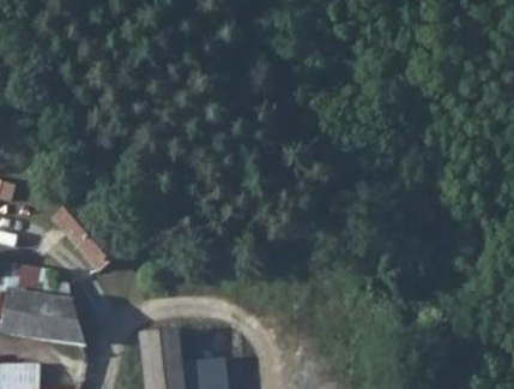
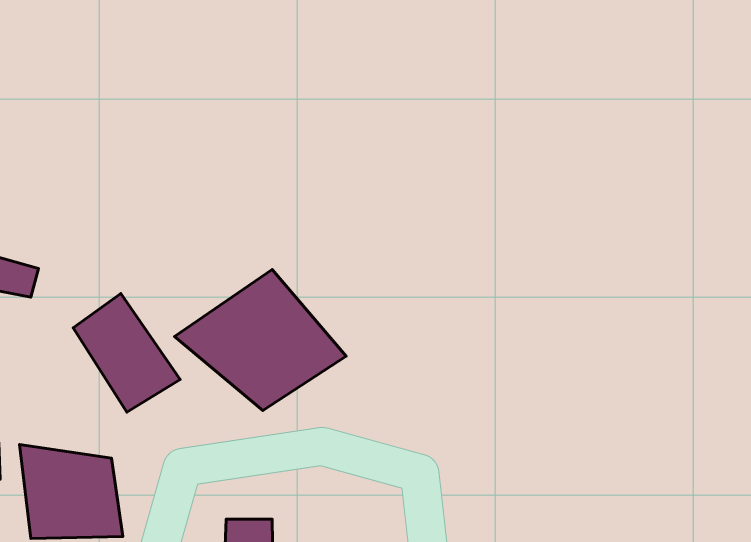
building: none -> [175,269,346,411]

